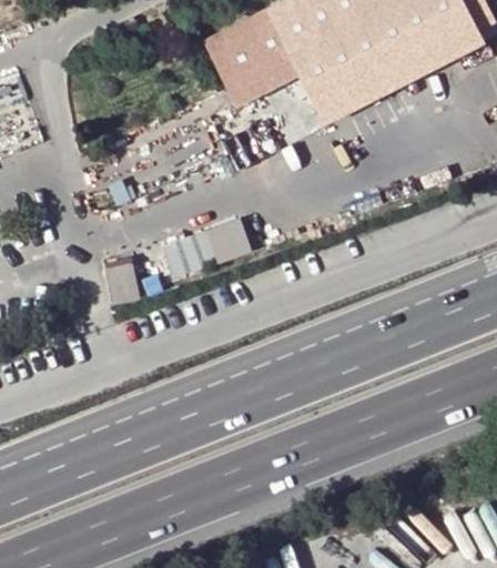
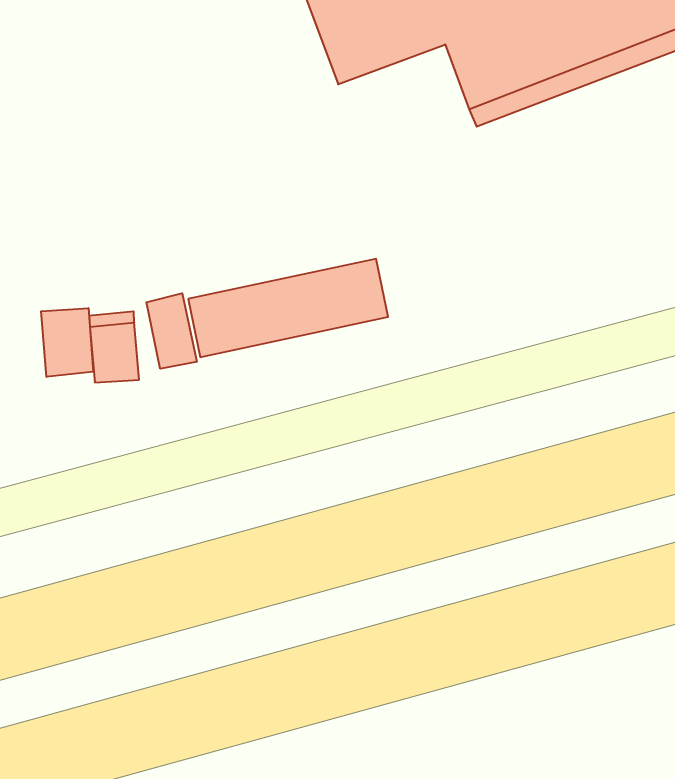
building: none -> [146,293,197,369]
building: none -> [41,308,93,377]

